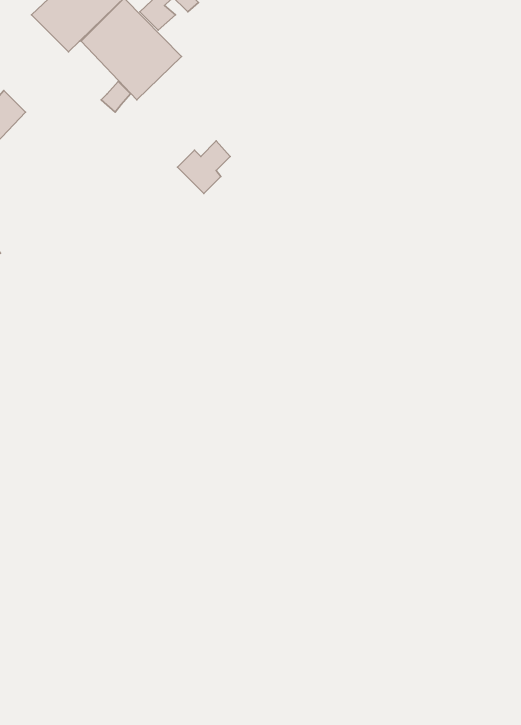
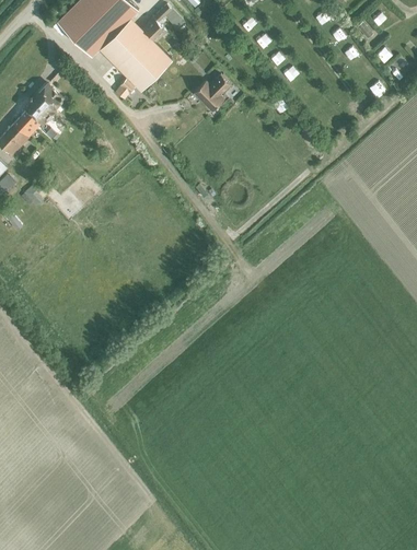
building: [178,141,230,194] -> [192,73,229,110]

